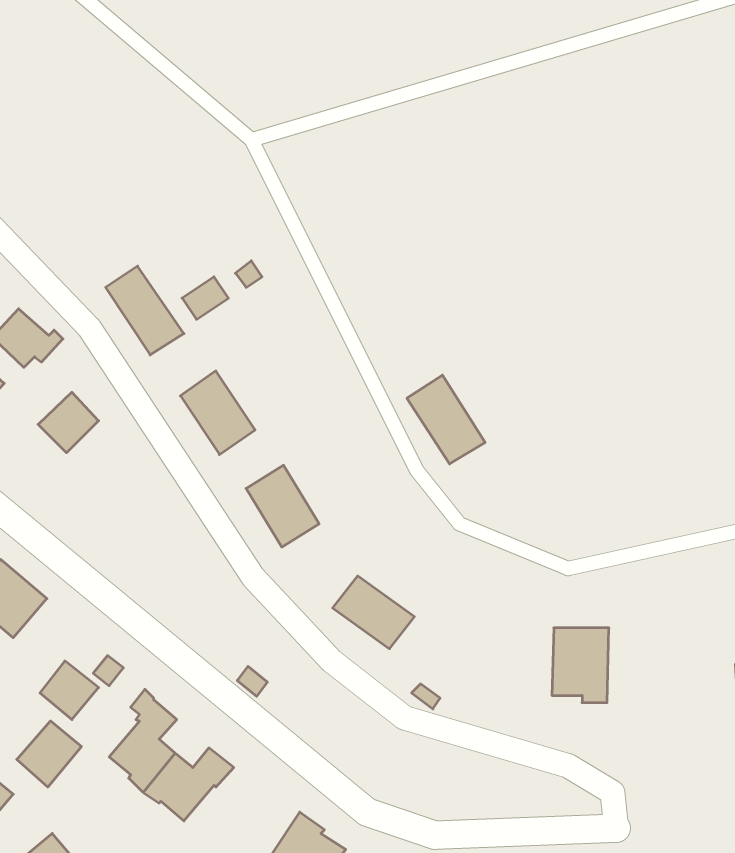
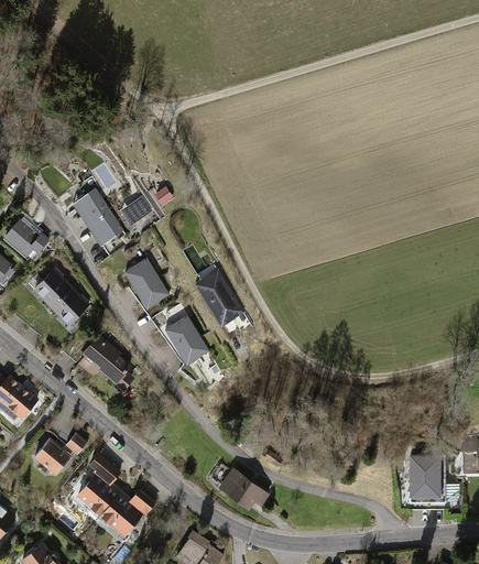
building: [407,375,485,464] -> [193,272,241,327]
building: none -> [51,288,88,325]
building: none -> [80,335,135,389]
building: [333,576,414,649] -> [219,468,270,513]
building: [552,628,609,703] -> [410,455,445,501]
building: [17,721,81,787] -> none

